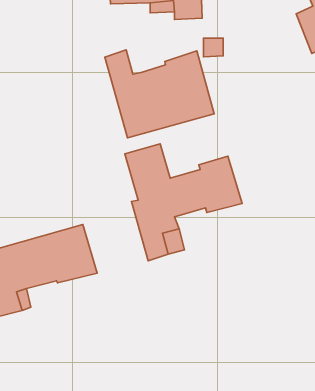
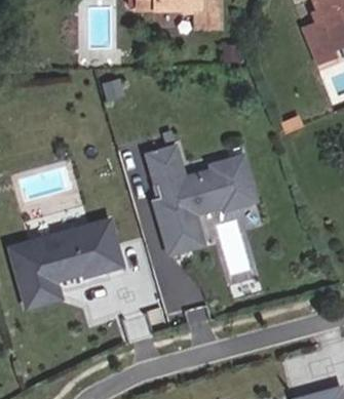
building: [105,50,214,138] -> none

